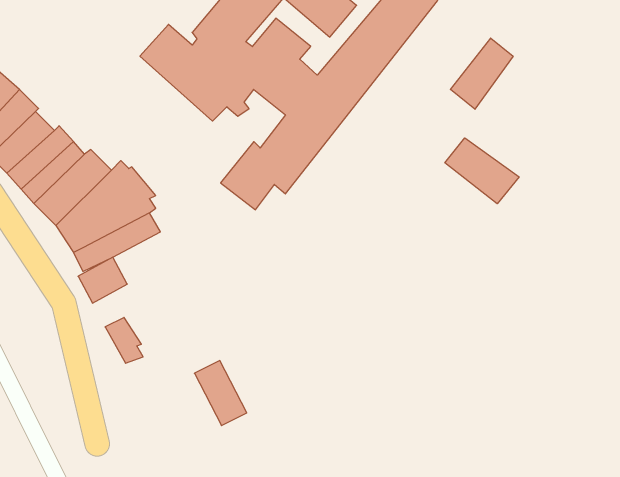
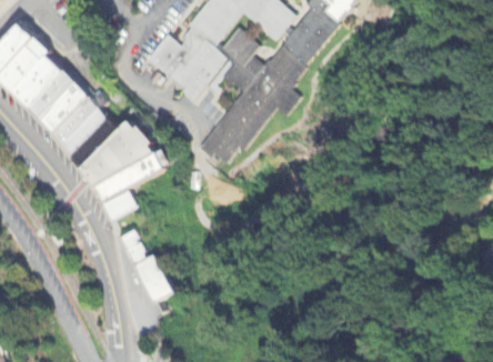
building: [450,38,513,109] -> none
building: [445,138,519,204] -> none
building: [194,361,247,426] -> [135,257,172,302]

